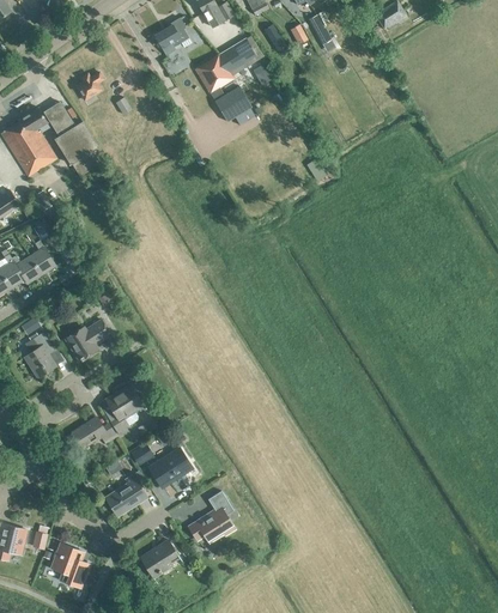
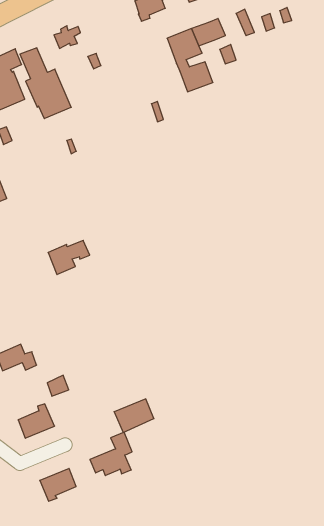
building: [66,320,110,360] -> [48,240,90,275]
building: [107,384,144,435] -> none
building: [148,448,192,487] -> [114,399,154,433]

